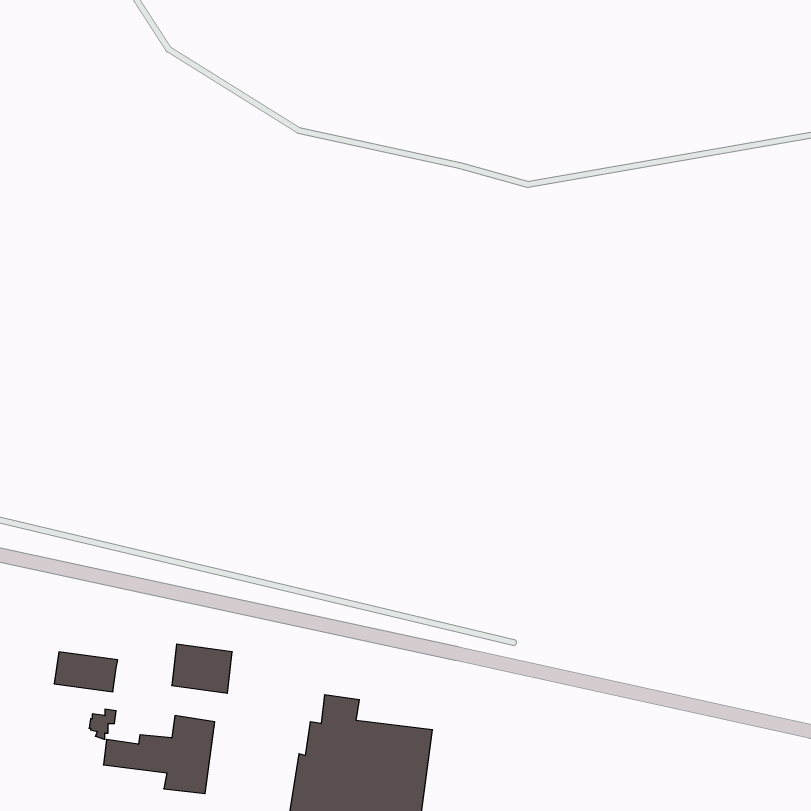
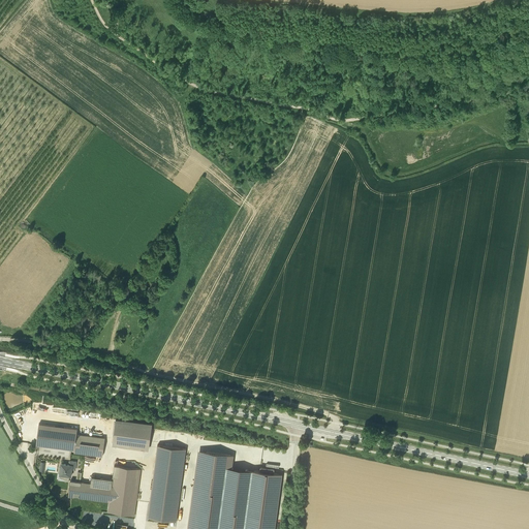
building: none -> [73,435,104,457]
building: none -> [147,445,185,522]

